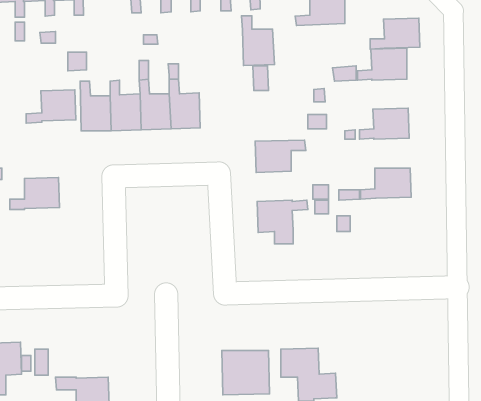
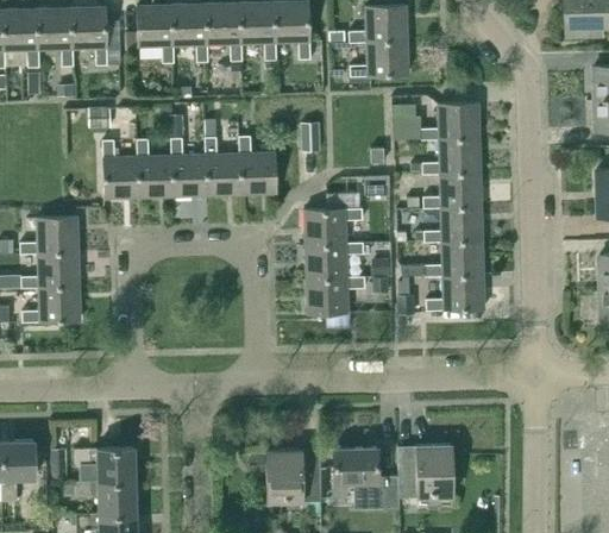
building: [242,16,275,65] -> [239,137,277,194]
building: [370,18,420,49] -> [423,138,481,174]
building: [26,90,76,123] -> [21,217,79,255]
building: none -> [417,206,483,242]
building: none -> [306,243,363,278]
building: none -> [427,274,484,311]
building: none -> [23,286,81,321]
building: none -> [398,445,453,497]
building: none -> [75,447,136,482]

